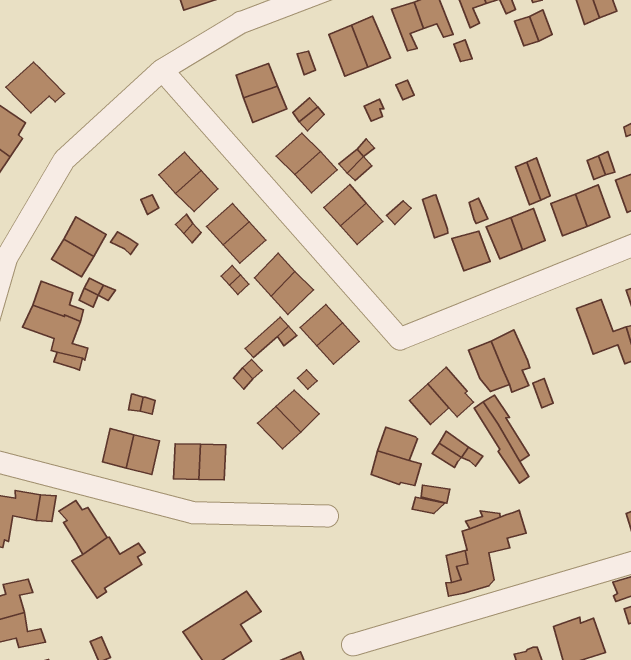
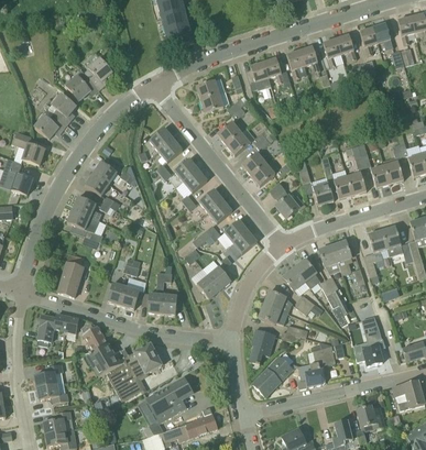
building: none -> [85,53,112,90]
building: none -> [270,183,304,218]
building: none -> [362,230,386,276]
building: none -> [57,253,83,297]
building: none -> [353,317,382,366]
building: none -> [250,329,275,364]
building: none -> [103,343,162,402]
building: none -> [252,356,292,396]

